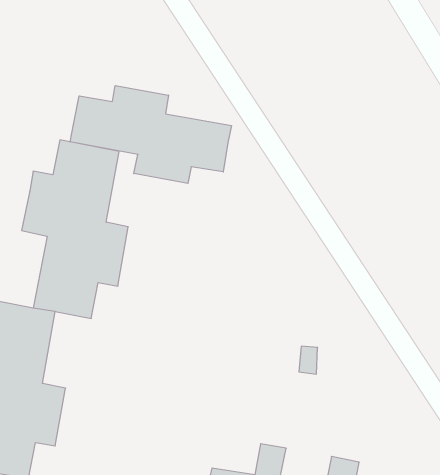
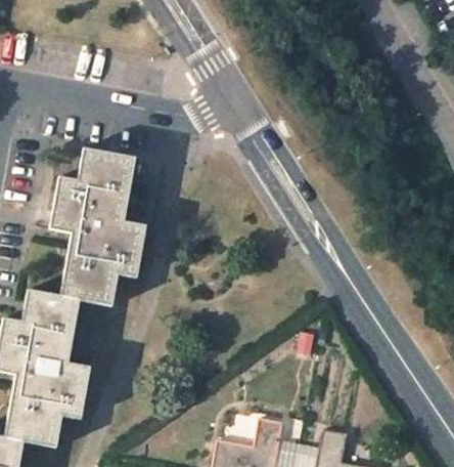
building: [70,86,231,183] -> none

